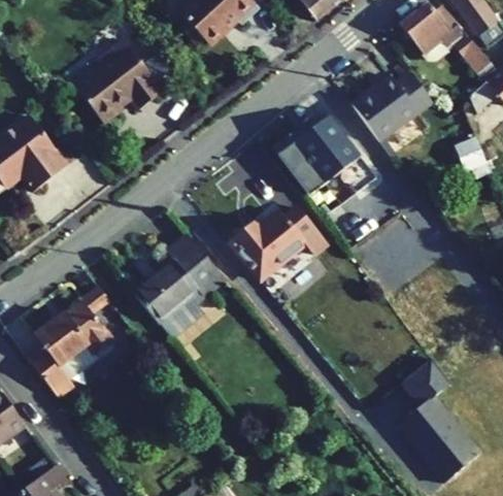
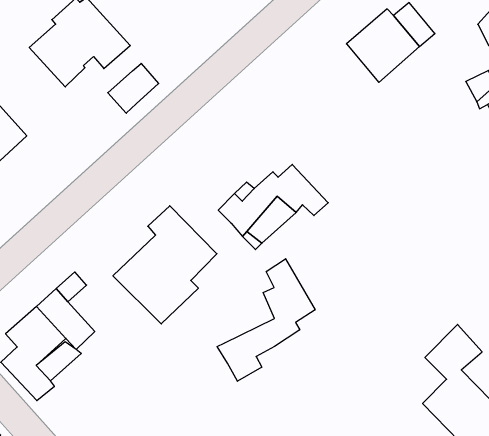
building: none -> [108,63,159,113]
building: [273,115,378,196] -> none
building: none -> [217,259,315,381]

